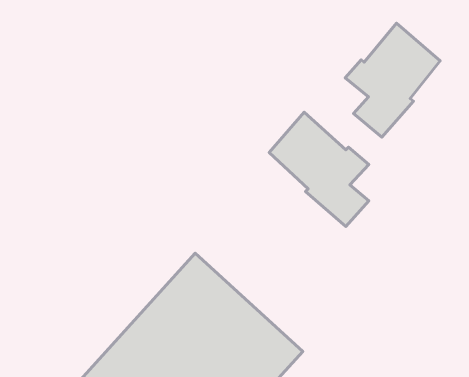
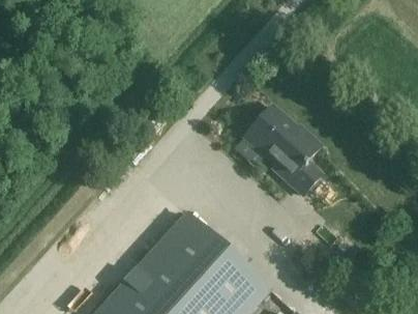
building: [345,23,440,137] -> none

